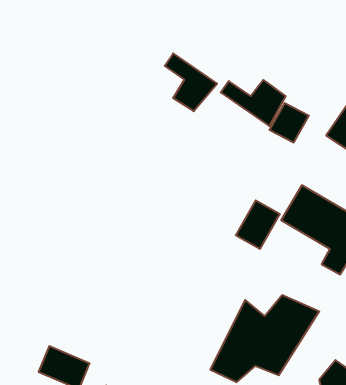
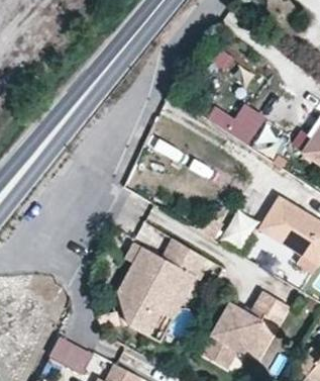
building: [165,53,217,111] -> none
building: none -> [118,241,205,334]

